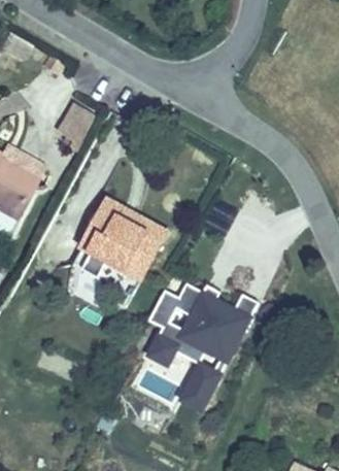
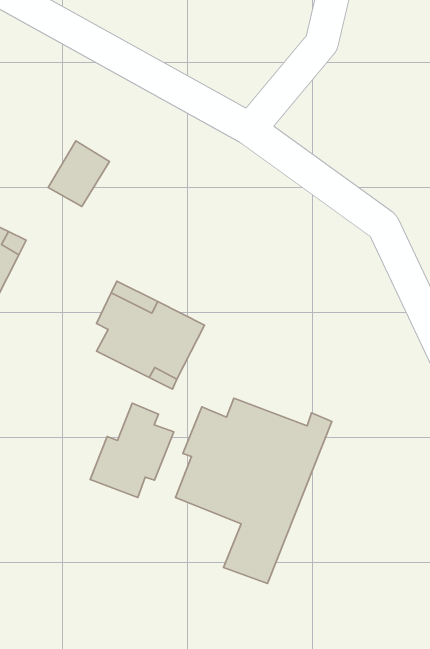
building: none -> [90,403,174,498]

